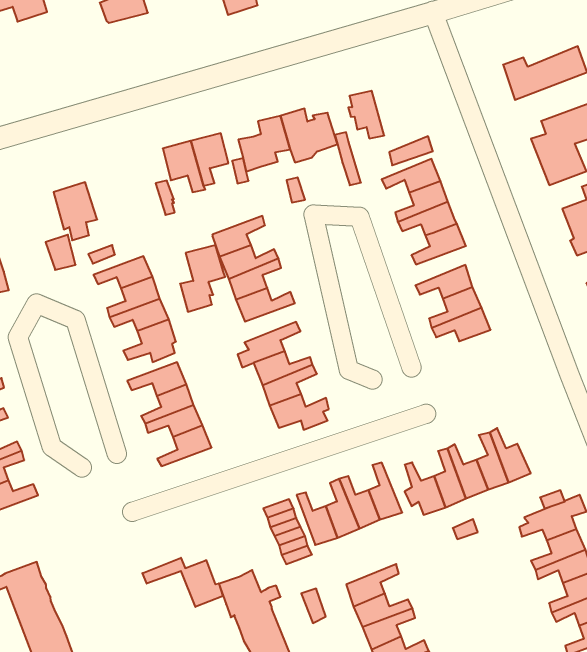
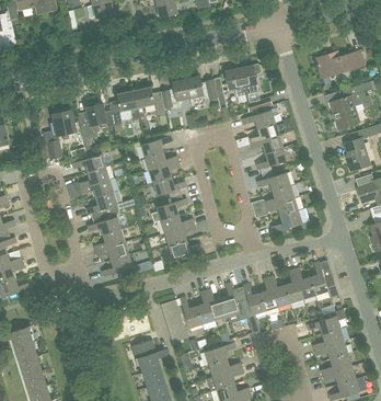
building: none -> [239,65,259,94]
building: [180,245,225,312] -> [80,103,106,140]
building: none -> [270,210,303,238]
building: none -> [309,261,337,297]
building: [142,558,223,607] -> none

